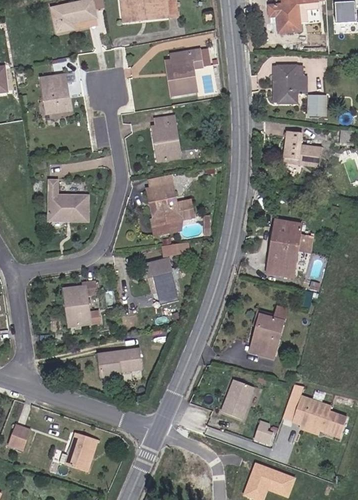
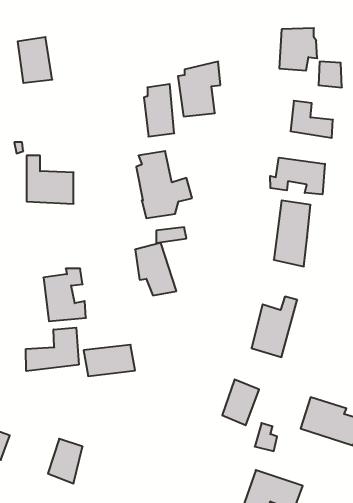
building: [165,47,203,96] -> [178,62,220,116]
building: none -> [270,158,325,194]
building: none -> [26,328,79,371]

